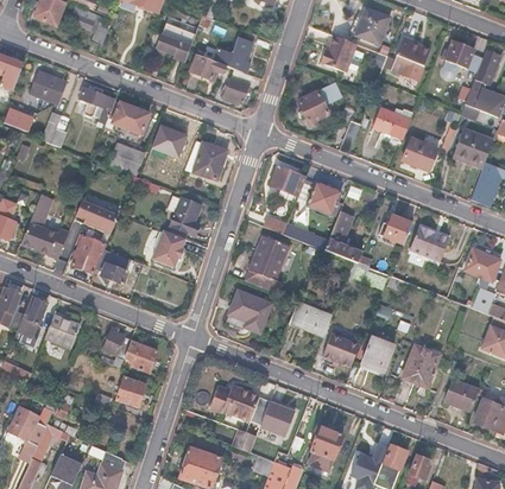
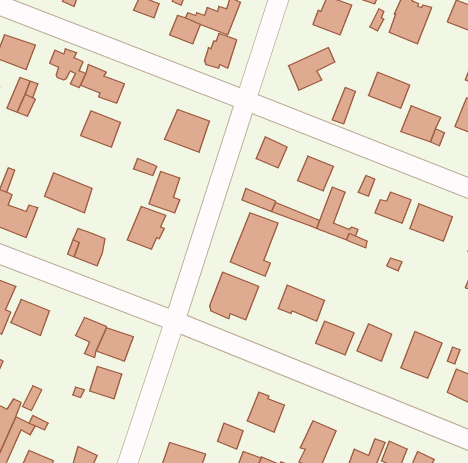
building: [152,123,187,157] -> none
building: [72,236,106,273] -> none
building: [209,385,260,419] -> none

